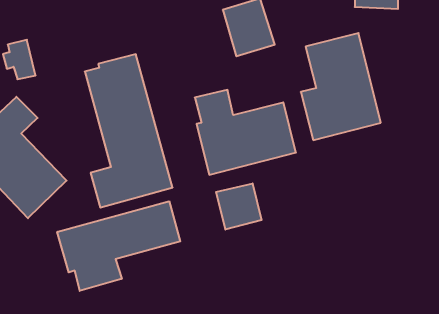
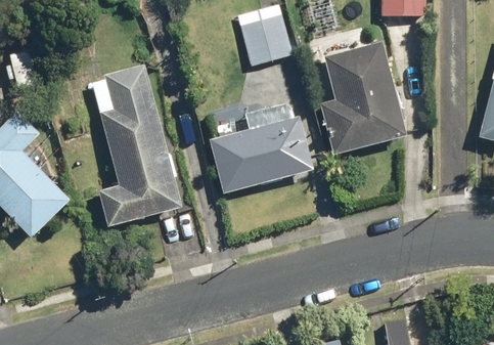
building: [216,183,262,230] -> none
building: [57,201,180,291] -> none

